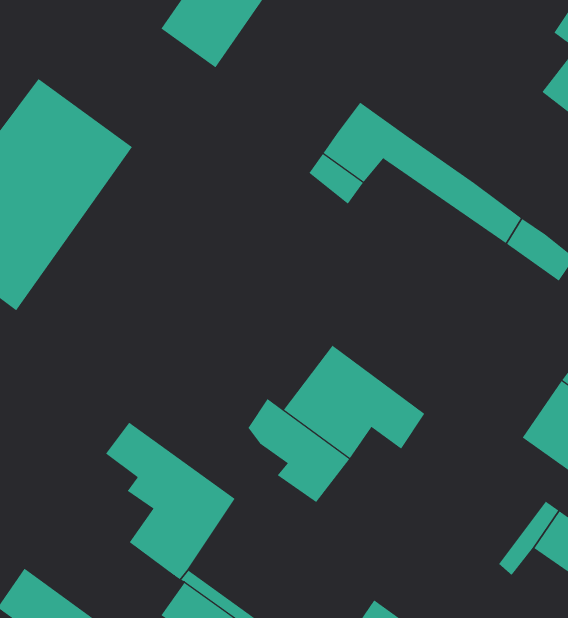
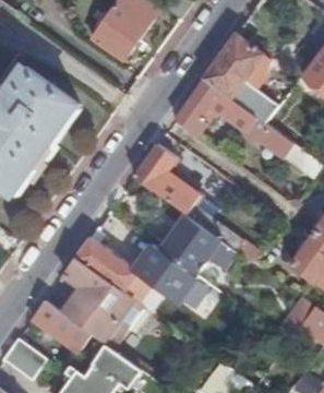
building: none -> [202,34,267,99]
building: none -> [133,144,250,257]
building: none -> [74,231,148,299]
building: none -> [31,301,99,353]

